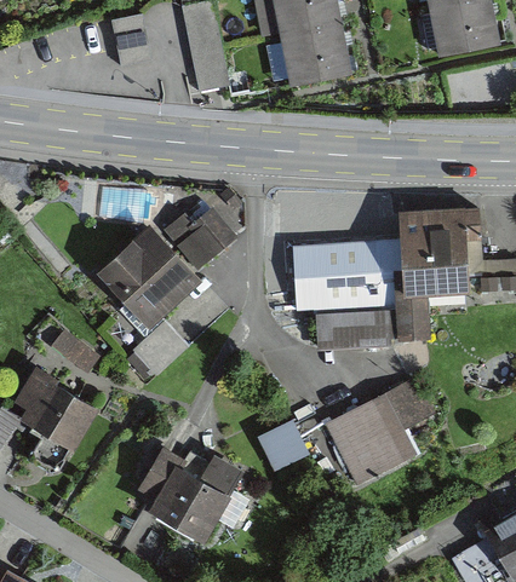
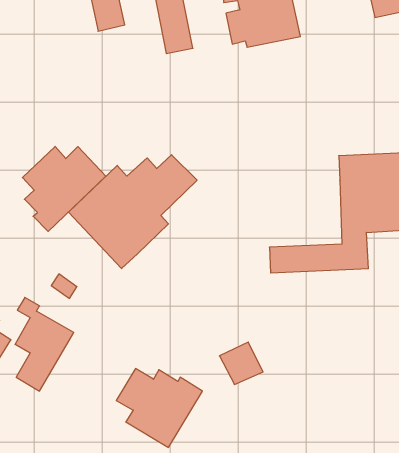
building: none -> [22,146,106,231]
building: [292,236,399,313] -> none
building: [132,319,187,373] -> none
building: [322,378,437,490] -> none

